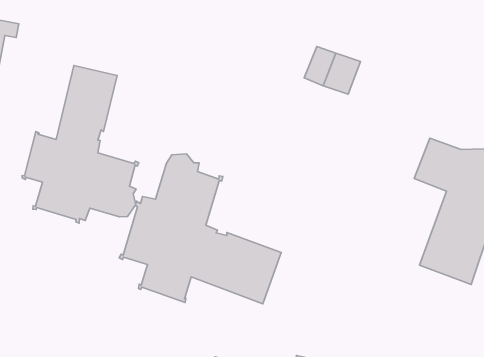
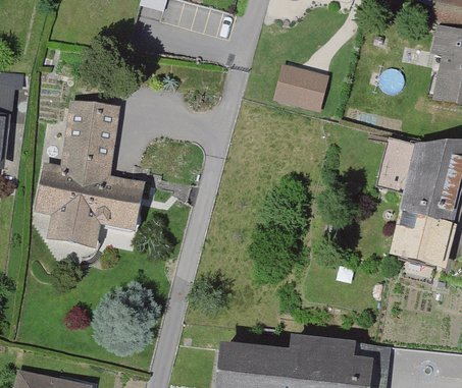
building: [119,154,281,304] -> none

